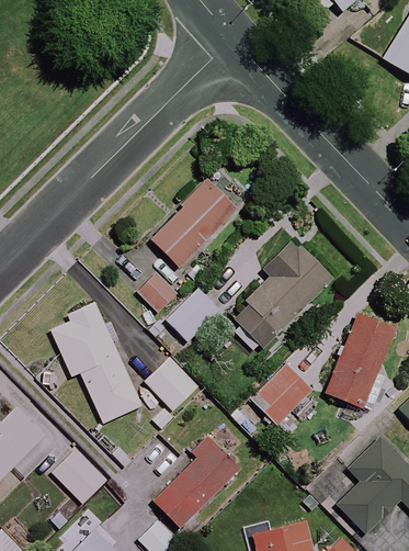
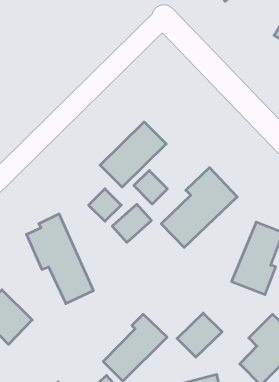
building: none -> [134,170,167,204]
building: [145,357,197,411] -> none
building: [251,366,311,425] -> [177,313,222,357]
building: [52,448,107,504] -> none

